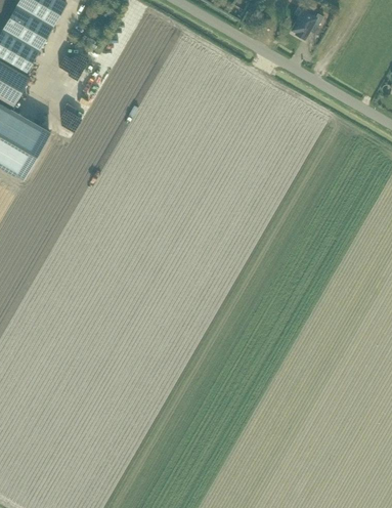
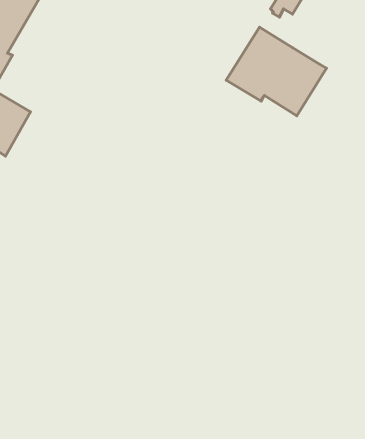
building: none -> [226,27,327,116]

